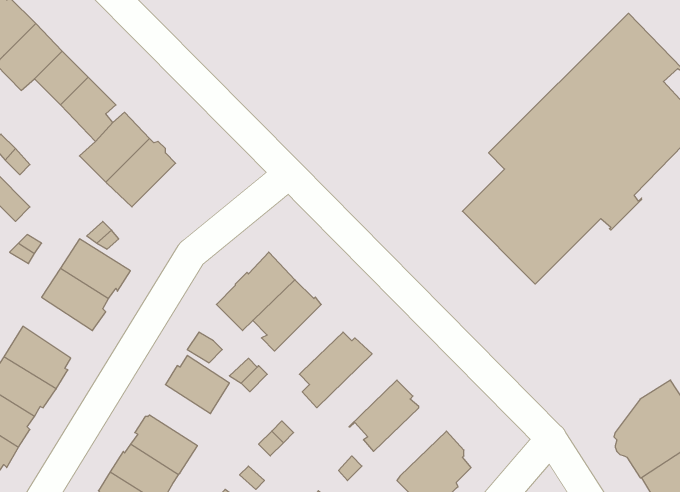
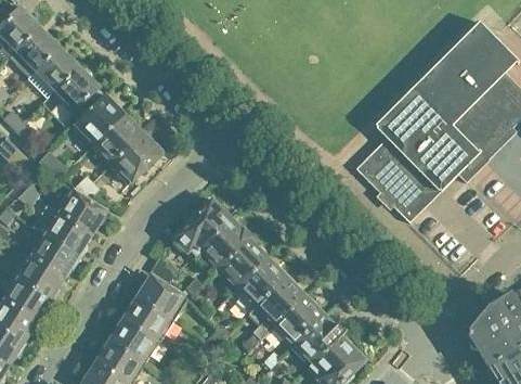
building: none -> [109,132,161,184]
building: none -> [28,232,80,278]
building: none -> [216,240,269,287]
building: none -> [242,274,307,351]
building: none -> [122,297,168,343]
building: none -> [289,312,343,366]

